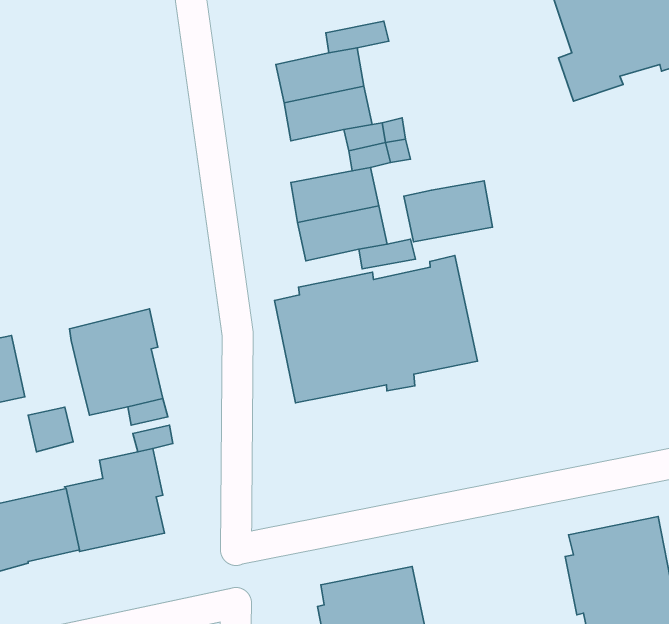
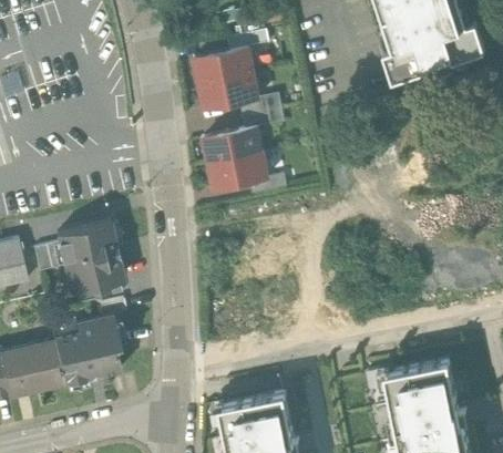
building: [404,181,493,242] -> none
building: [275,256,477,403] -> none
building: [28,407,73,452] -> [31,243,61,272]

